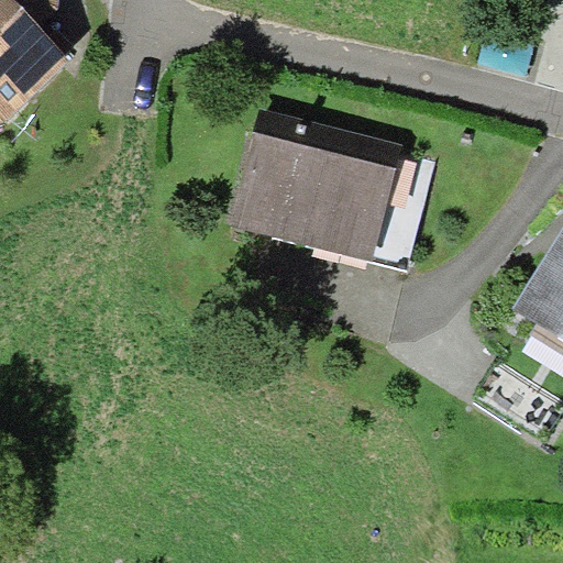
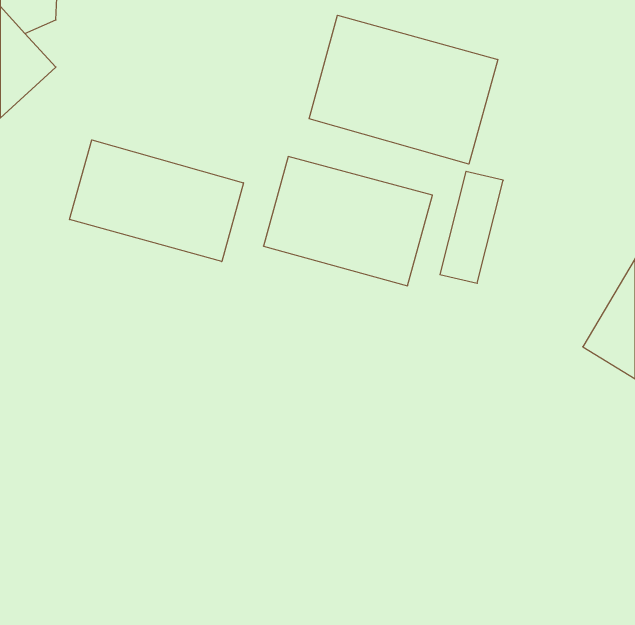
building: none -> [309,15,498,164]
building: none -> [70,140,243,262]

